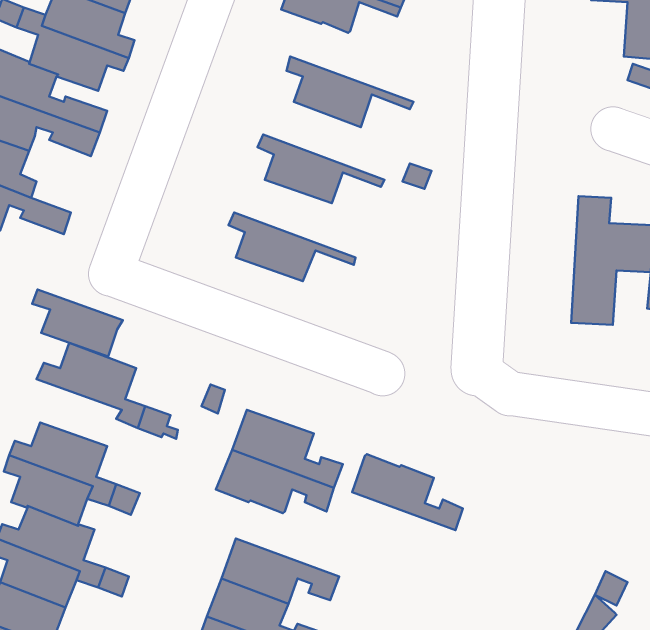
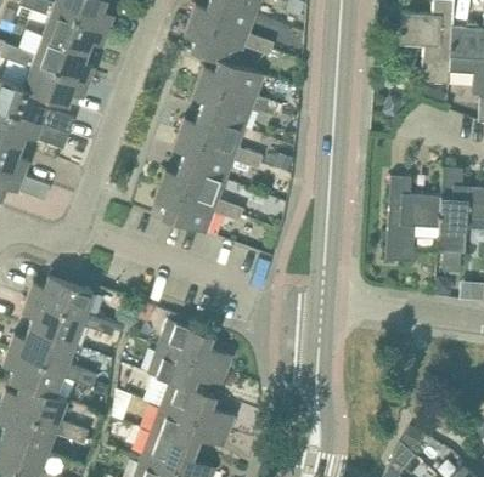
building: none -> [197,59,282,113]
building: none -> [179,113,263,165]
building: none -> [159,165,244,217]
building: [32,290,123,357] -> [23,299,84,343]
building: [352,454,463,530] -> [161,380,235,431]

